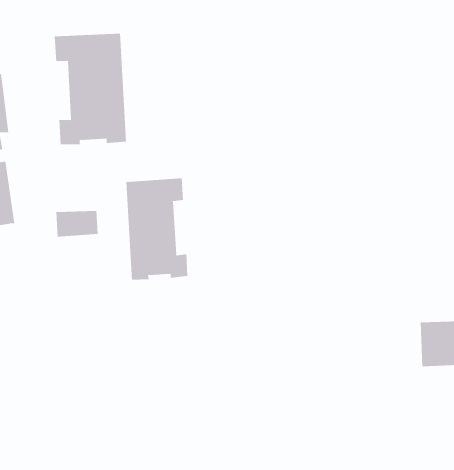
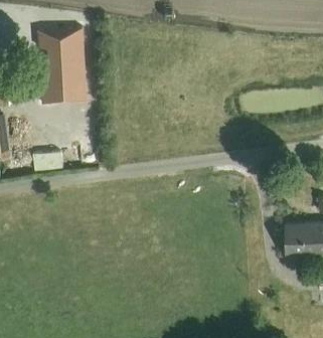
building: [126,177,188,281] -> none

